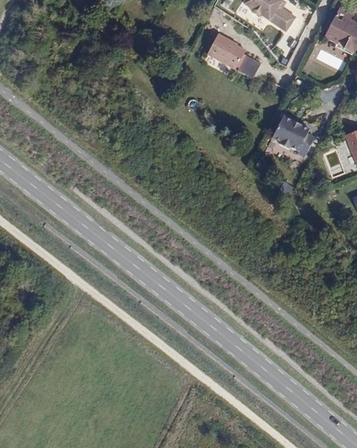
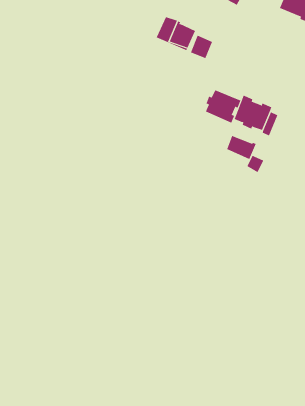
building: none -> [205,89,241,124]
building: none -> [227,135,257,160]

